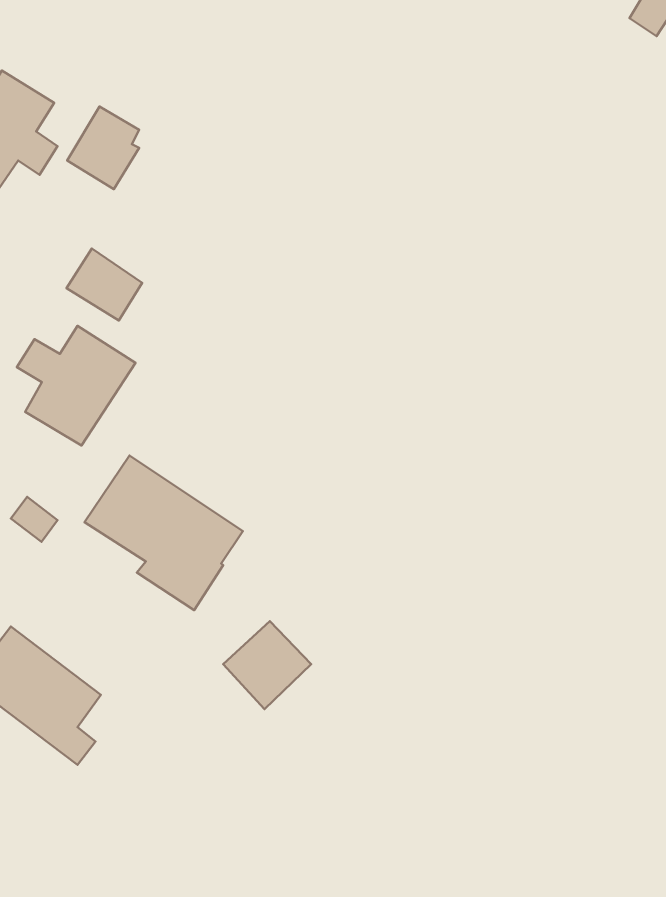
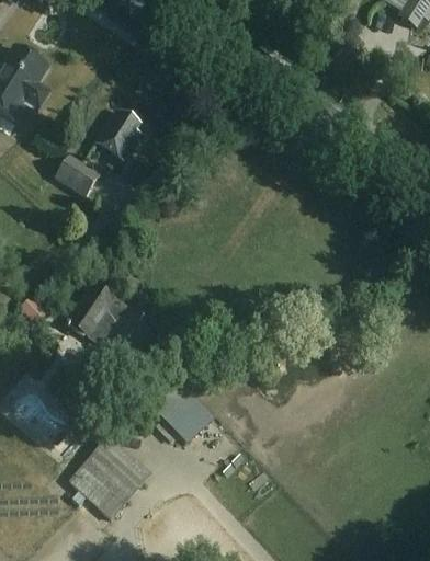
building: [67,107,139,189] -> [97,106,140,157]
building: [17,326,136,446] -> none
building: none -> [68,435,151,517]

